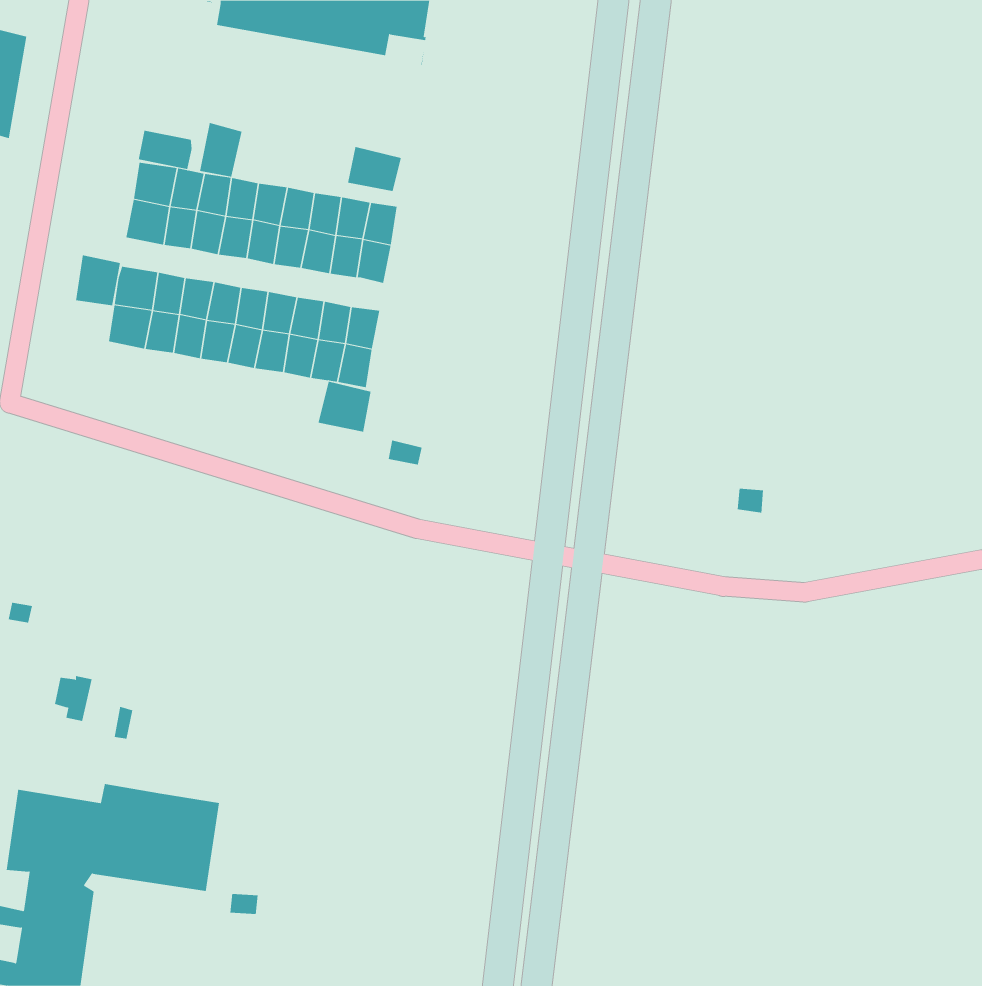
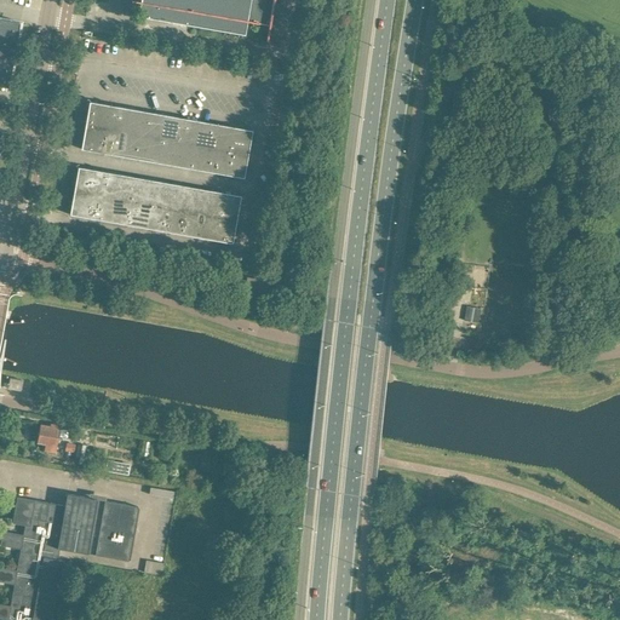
building: [200,122,242,178] -> none
building: [138,130,192,170] -> none
building: [348,146,401,192] -> none
building: [75,255,121,306] -> none
building: [318,381,371,432] -> none

